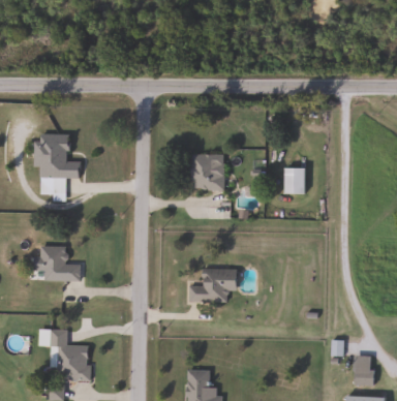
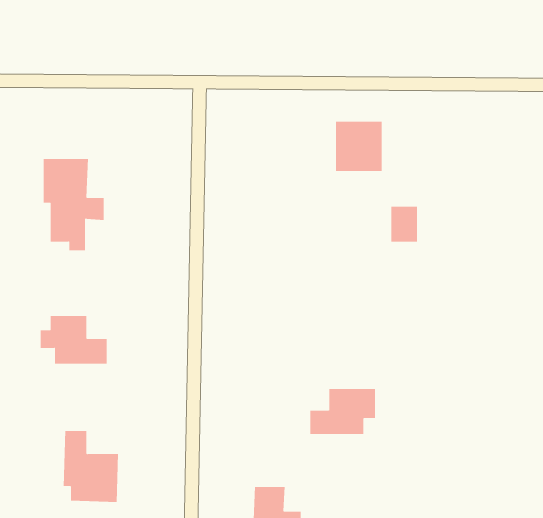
building: [191,153,225,189] -> [335,121,383,172]
building: [189,269,237,302] -> [310,388,376,434]
building: [354,356,373,385] -> none

